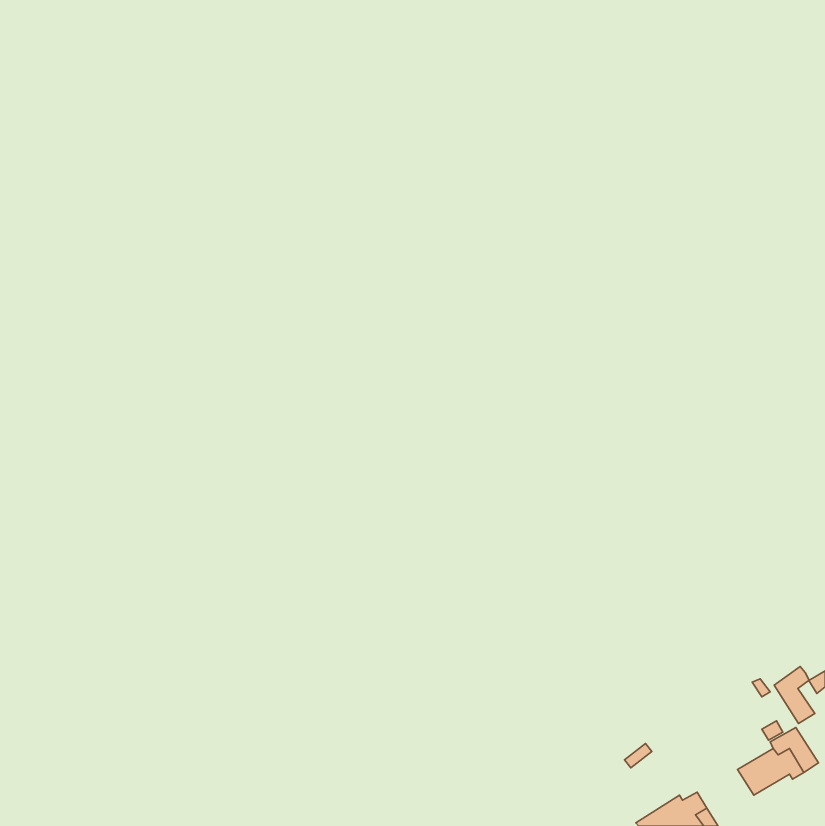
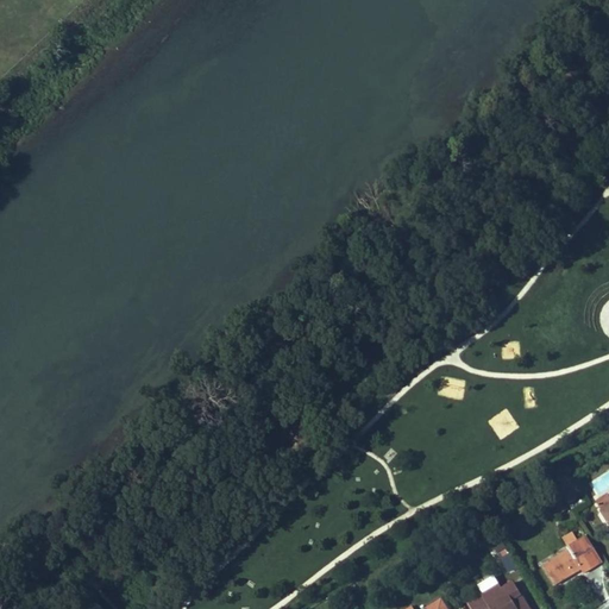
building: [774,667,815,723] -> none

